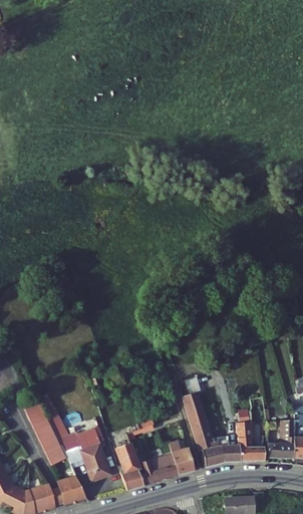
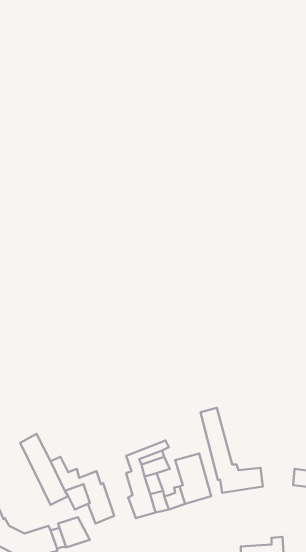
building: [239,422,269,454] -> none

